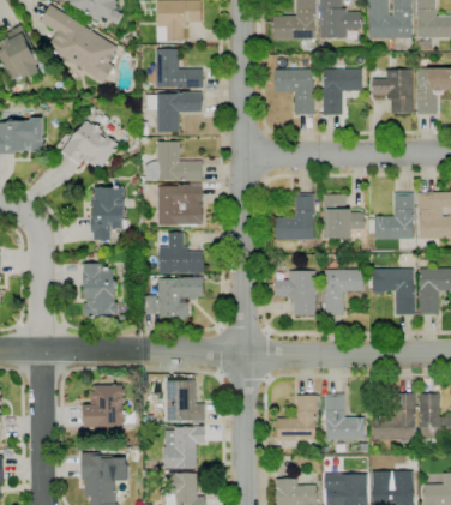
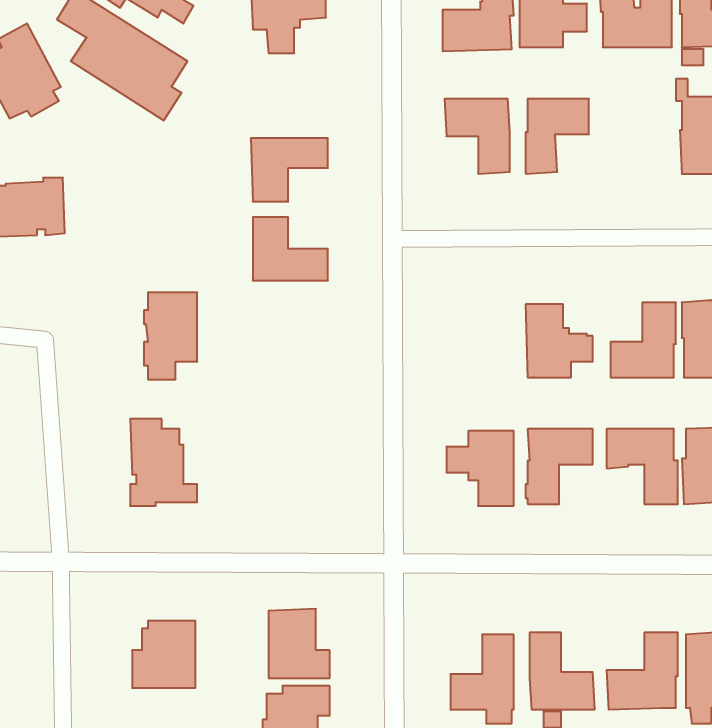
building: [156,49,202,89] -> none
building: [372,70,413,114] -> none
building: [61,120,120,172] -> none
building: [157,186,202,224] -> none
building: [275,193,314,240] -> none
building: [160,233,204,273] -> none
building: [144,278,203,319] -> none

